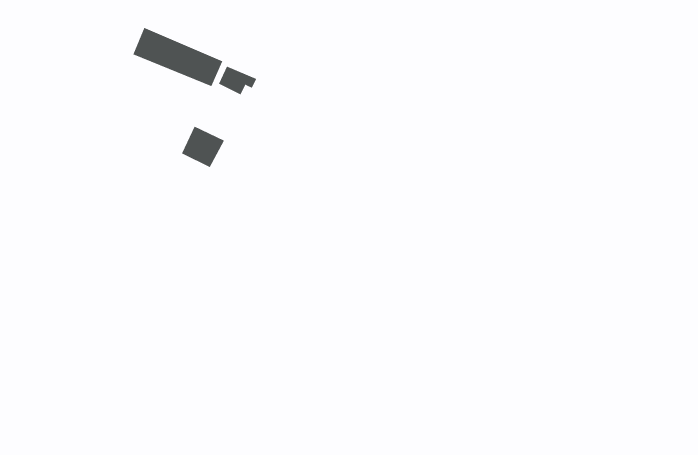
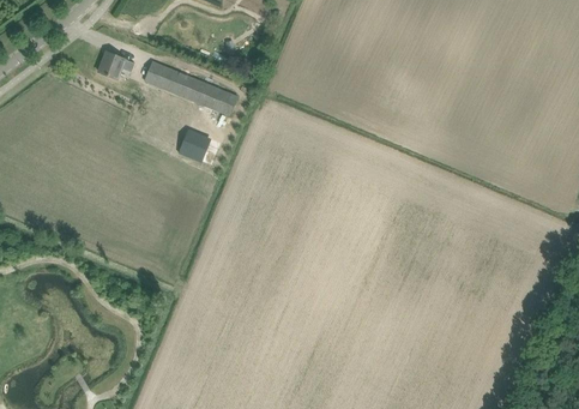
building: none -> [98,52,134,79]

